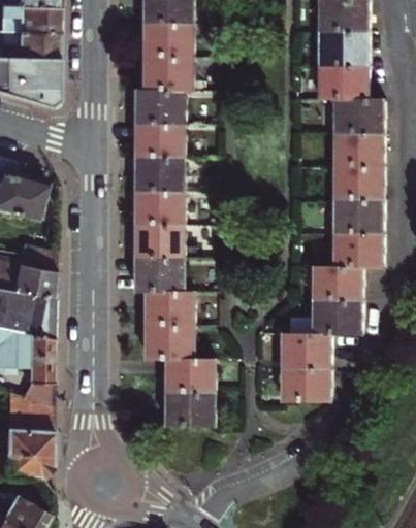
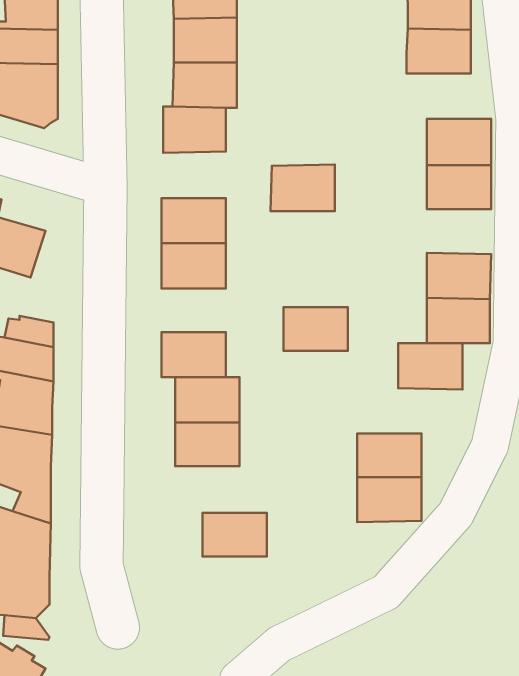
building: [320,63,369,97] -> none
building: [135,122,184,157] -> [271,165,335,211]
building: [335,165,384,199] -> none
building: [135,225,184,258] -> [284,307,348,351]
building: [314,300,362,335] -> none
building: [166,359,216,394] -> none

